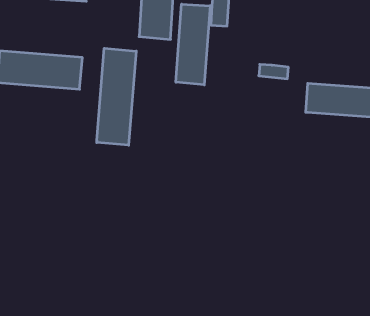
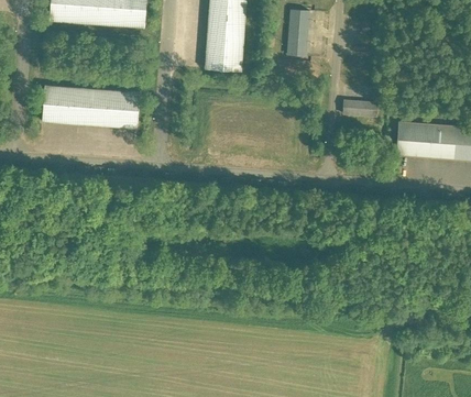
building: [176,4,210,85] -> none
building: [97,48,136,145] -> none

